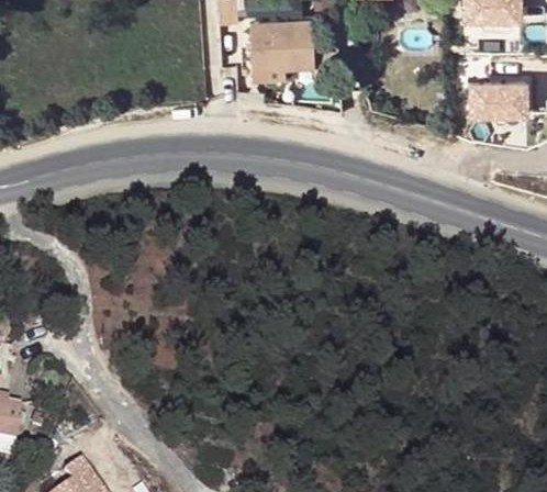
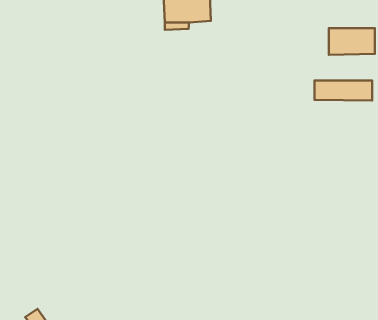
building: none -> [315,80,372,101]

